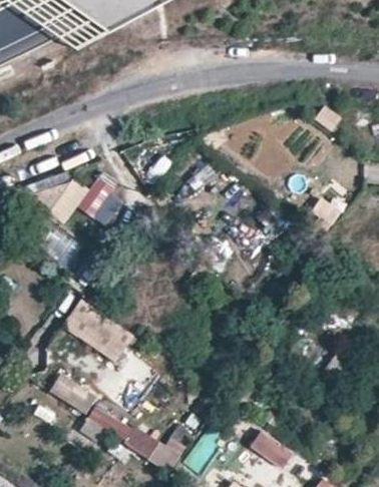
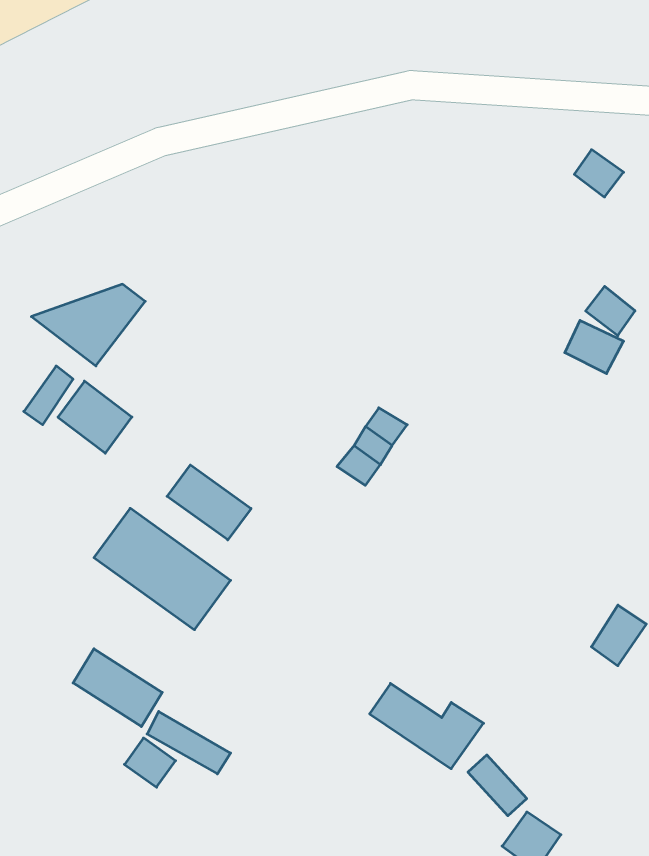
building: [77,177,121,224] -> none
building: none -> [167,465,251,540]
building: [126,427,186,472] -> [370,683,484,769]

